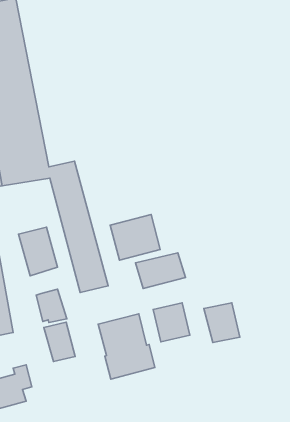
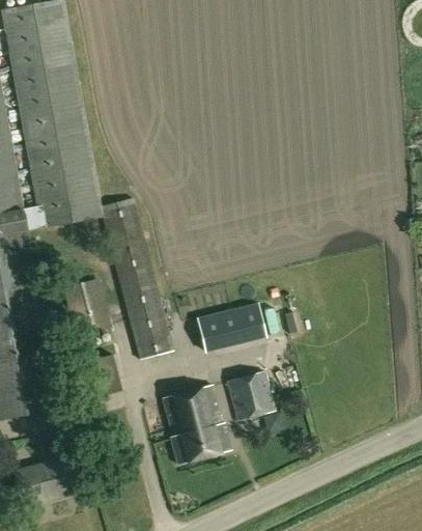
building: [110,215,160,260] -> none
building: [204,303,240,342] -> none
building: [44,322,75,361] -> none

